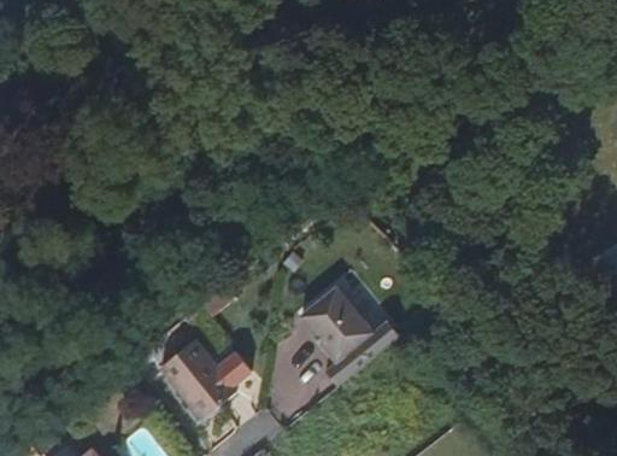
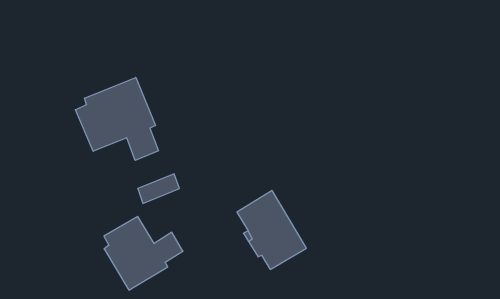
building: none -> [75,77,158,160]

